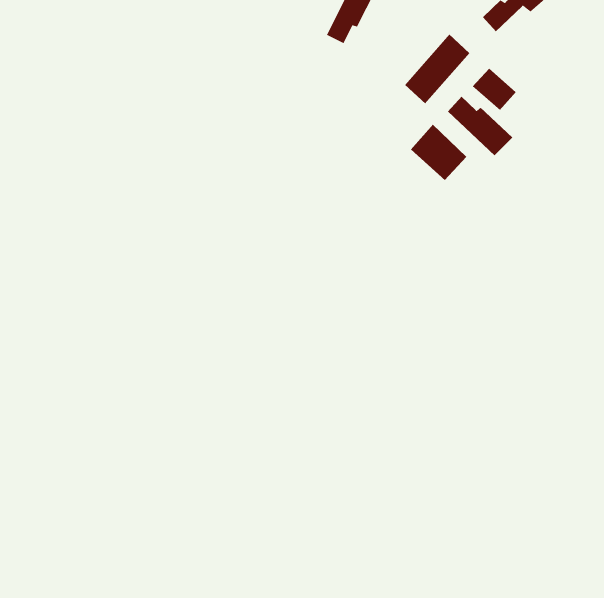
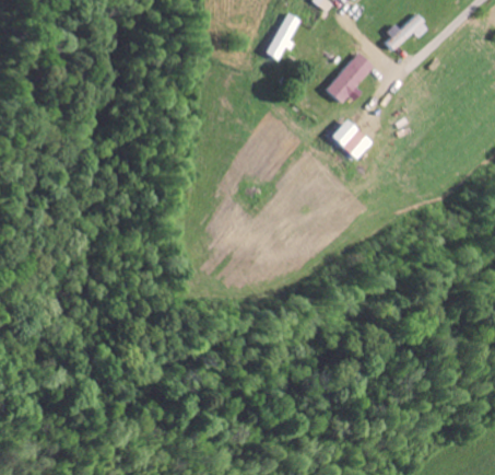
building: [472,68,516,111] -> none
building: [447,96,513,156] -> none

